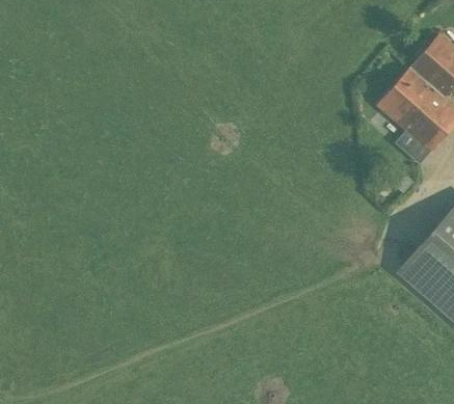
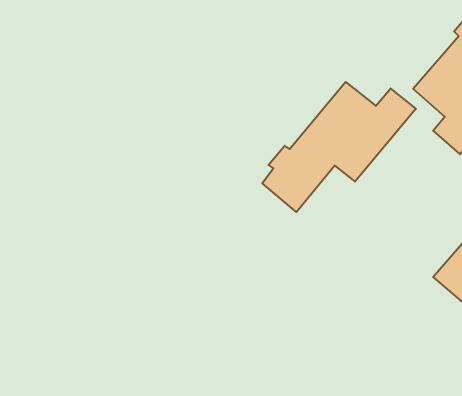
building: none -> [262,82,416,212]

